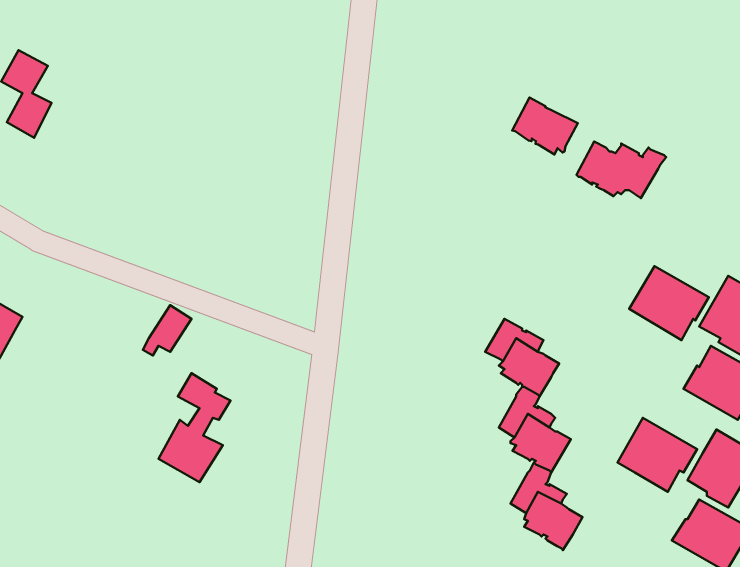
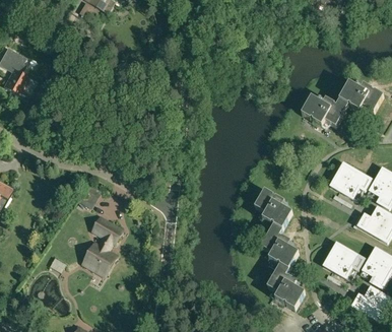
building: [512,98,578,154] -> none
building: none -> [340,82,384,112]

